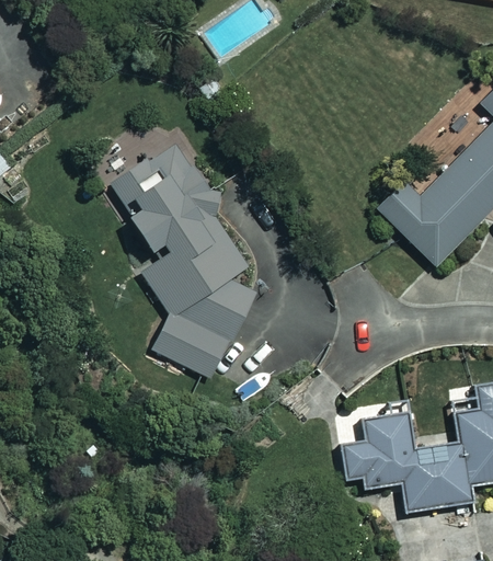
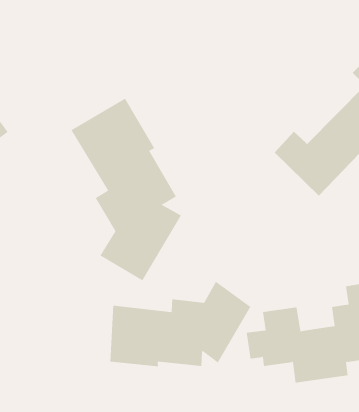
building: none -> [110,281,251,367]

